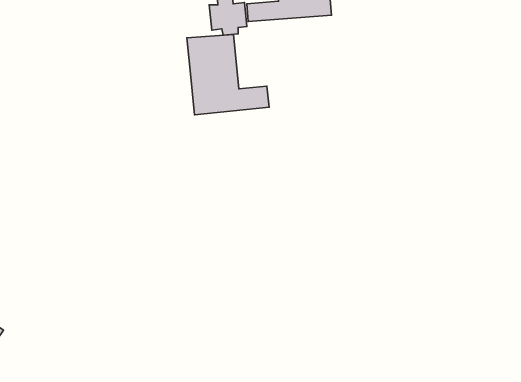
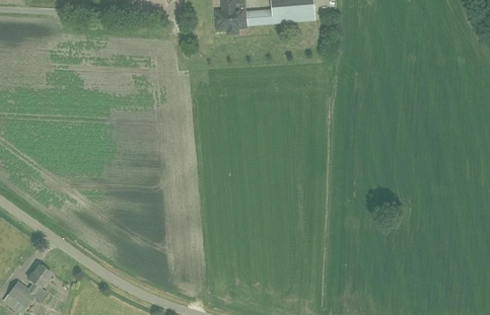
building: [187,34,269,115] -> none

